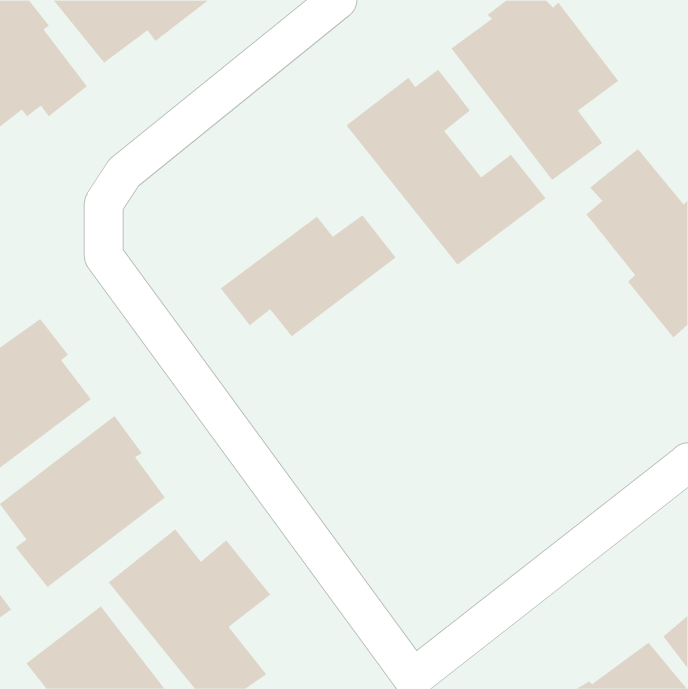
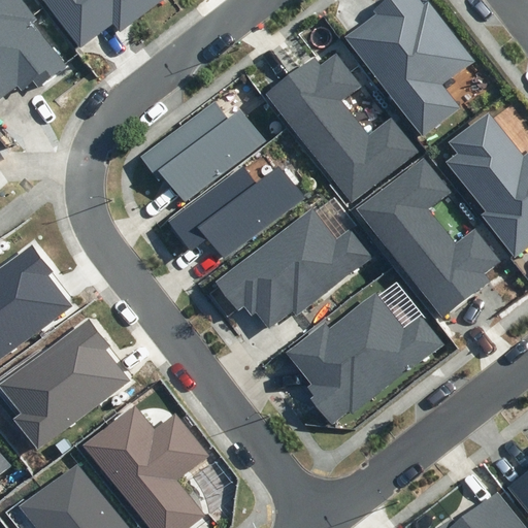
building: none -> [140,101,266,204]
building: none -> [355,157,500,319]
building: none -> [214,208,372,329]
building: none -> [285,293,442,425]

